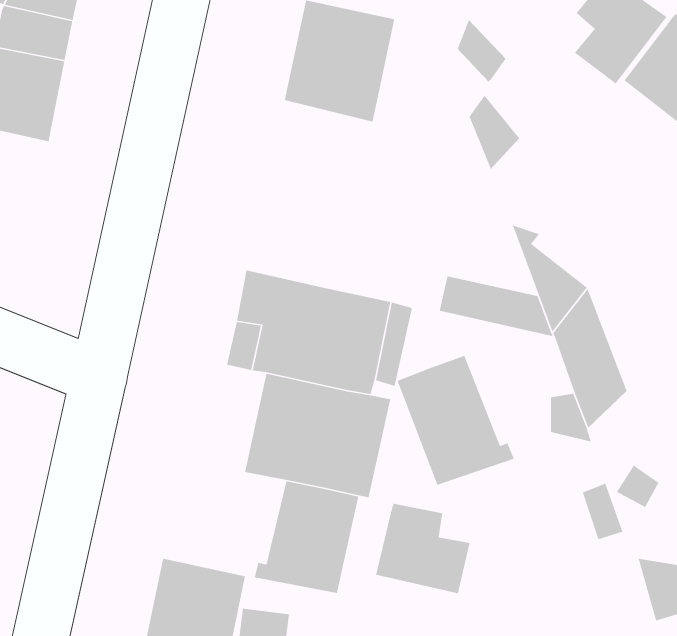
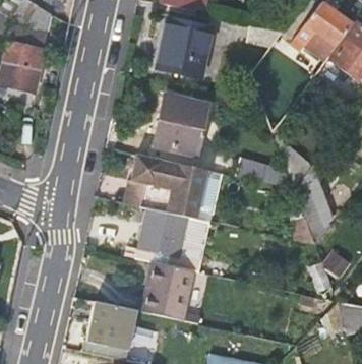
building: none -> [152,94,207,155]
building: [397,355,515,486] -> none
building: [375,503,470,594] -> none

